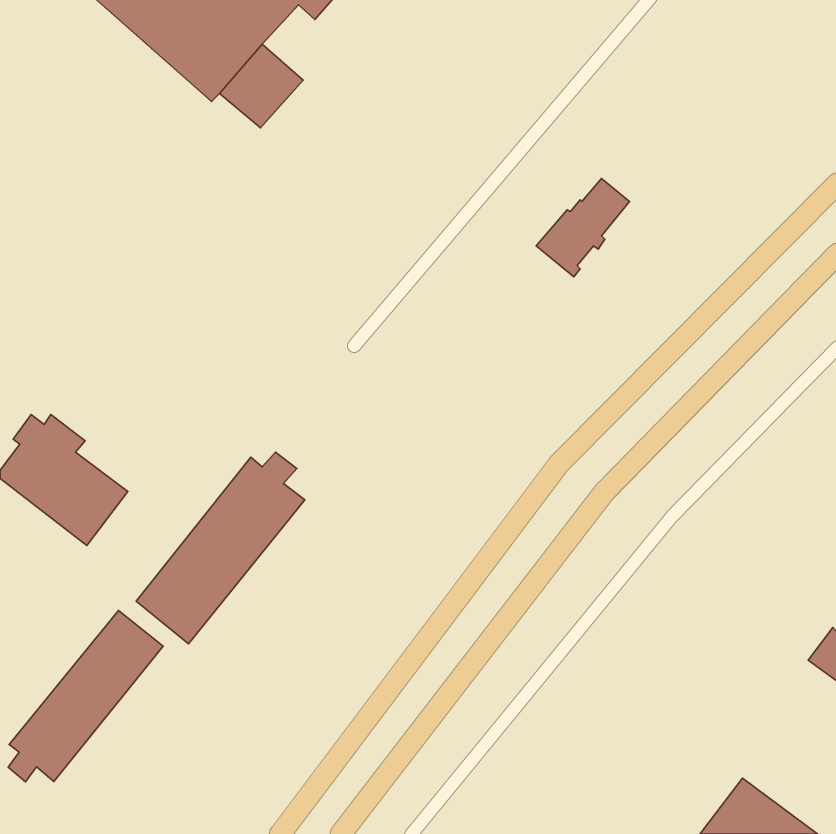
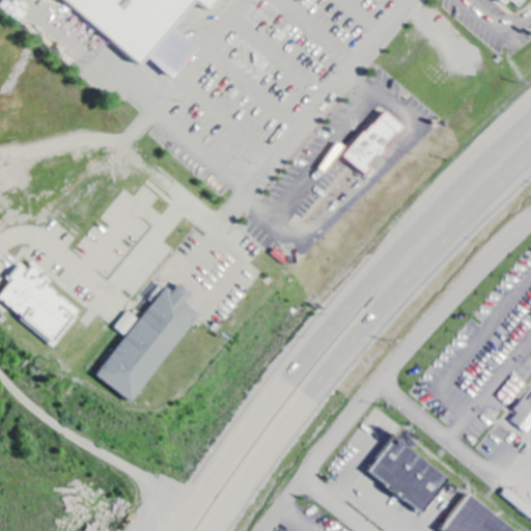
building: [8,611,163,782] -> none
building: none -> [371,436,453,510]

